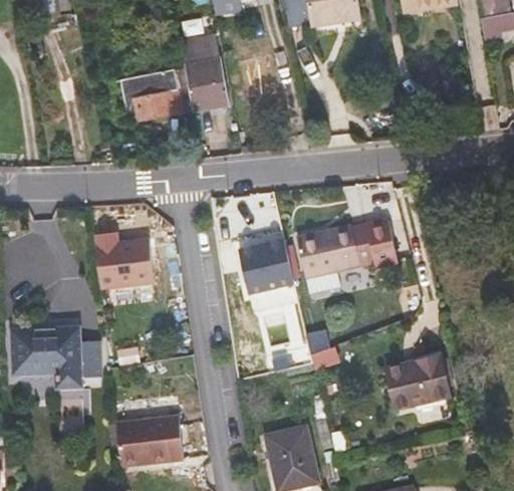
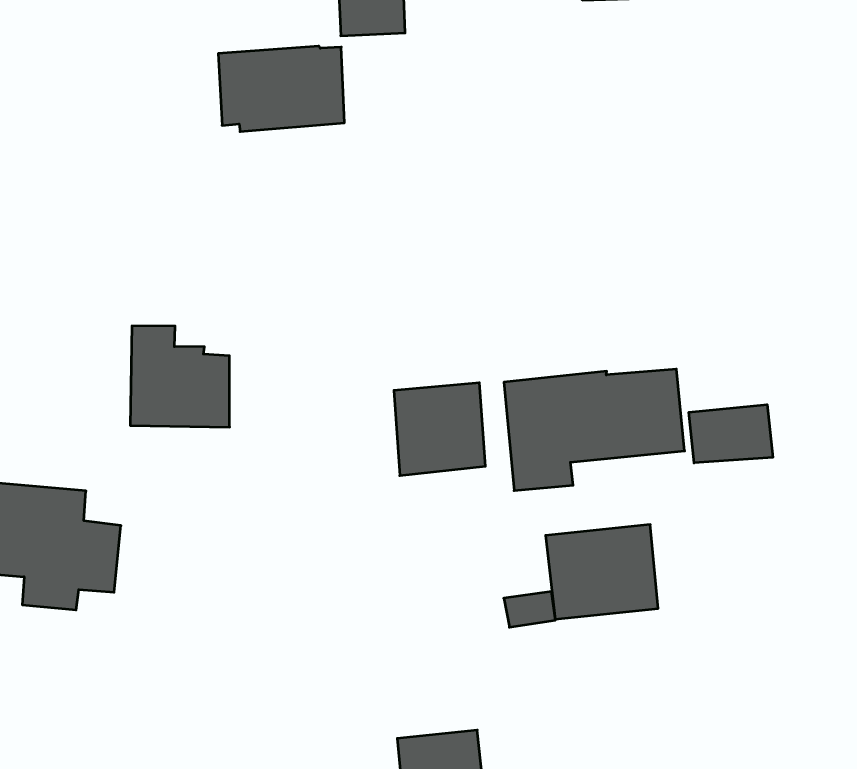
building: [185,57,228,111] -> none
building: none -> [689,405,773,463]
building: [384,353,450,411] -> [546,525,658,619]
building: [116,406,186,459] -> none

